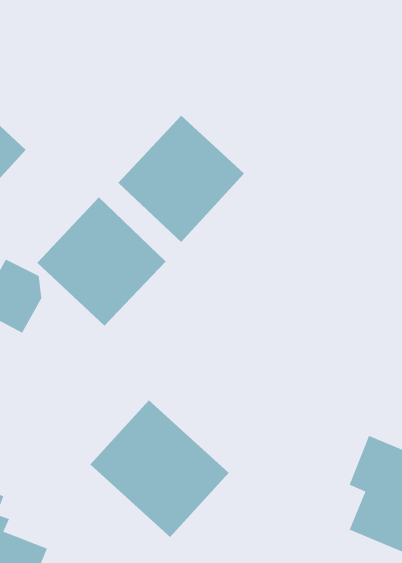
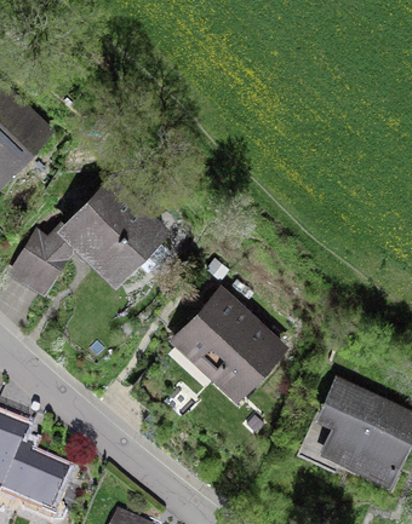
building: [117,115,245,243] -> none
building: [90,399,229,538] -> [168,284,288,403]

